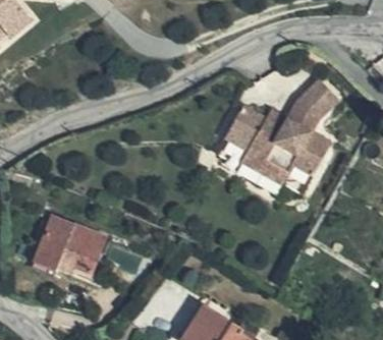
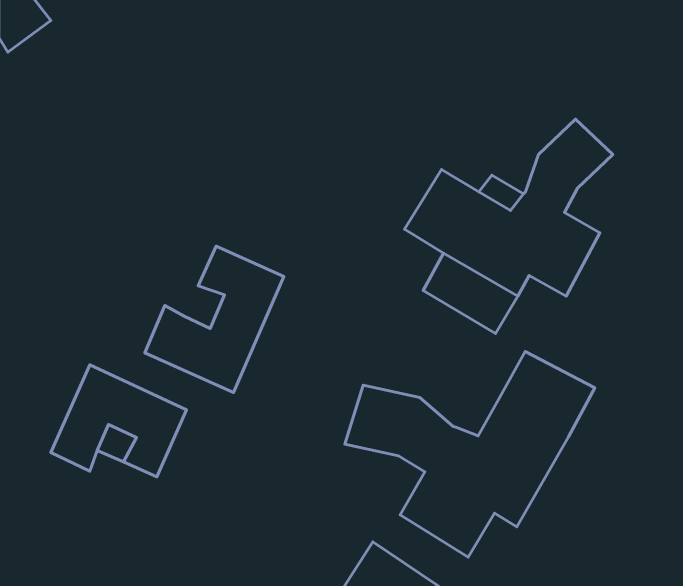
building: none -> [145,246,284,392]
building: none -> [345,351,595,557]

